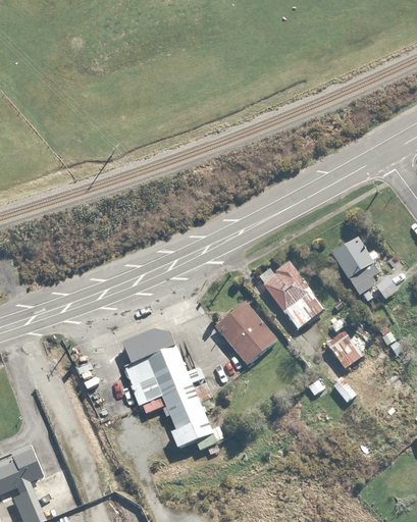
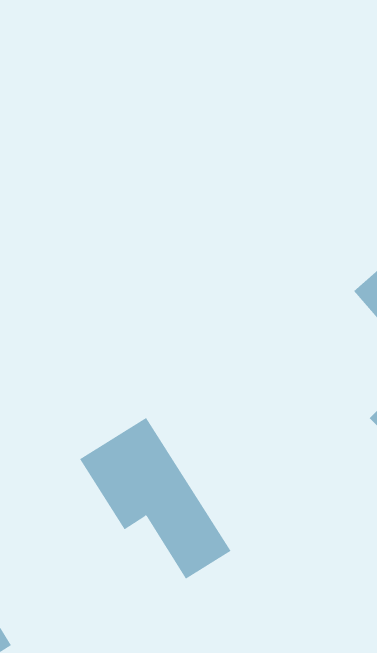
building: [262,261,324,325] -> none
building: [216,306,276,366] -> none

